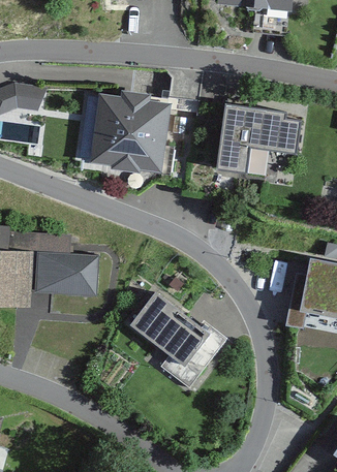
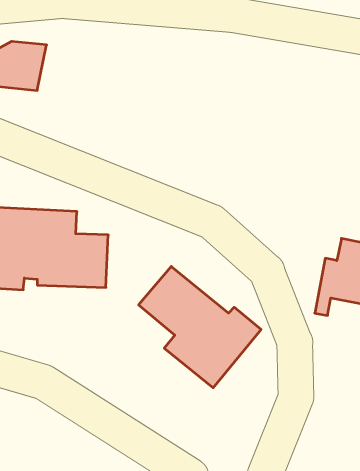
building: [84,92,167,177] -> none
building: [213,103,298,176] -> none

